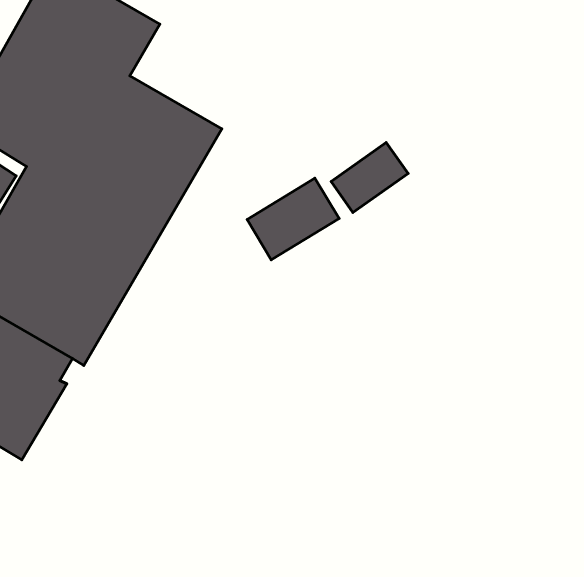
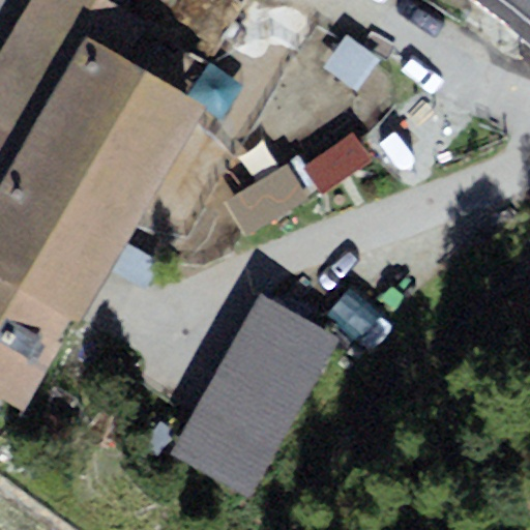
building: none -> [168,291,342,498]

